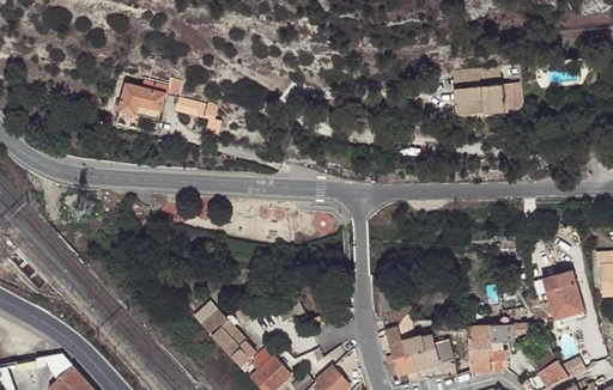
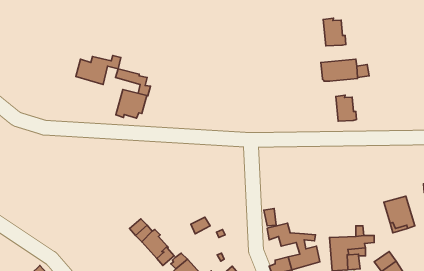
building: none -> [323,18,346,46]
building: none -> [116,89,147,118]
building: none -> [336,95,356,121]
building: [383,325,426,364] -> none

